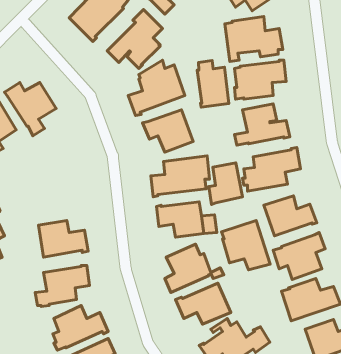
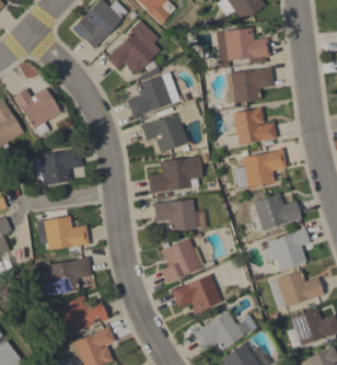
building: [197,61,229,107] -> none
building: none -> [33,149,83,185]
building: [209,163,243,205] -> none
building: [222,220,270,270] -> none

